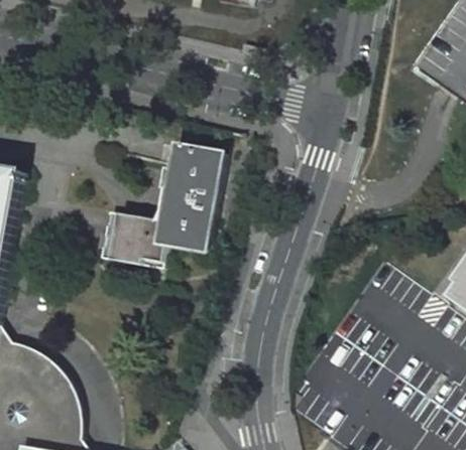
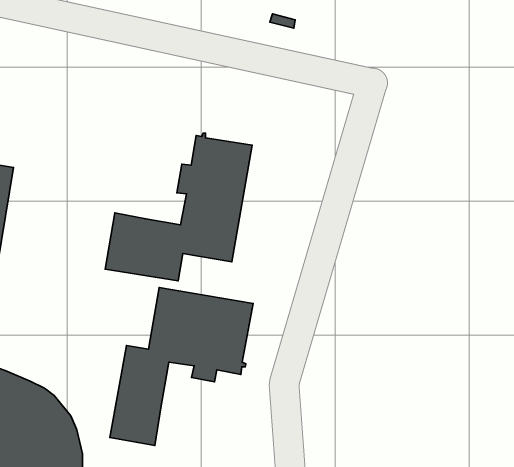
building: none -> [110,287,253,445]

